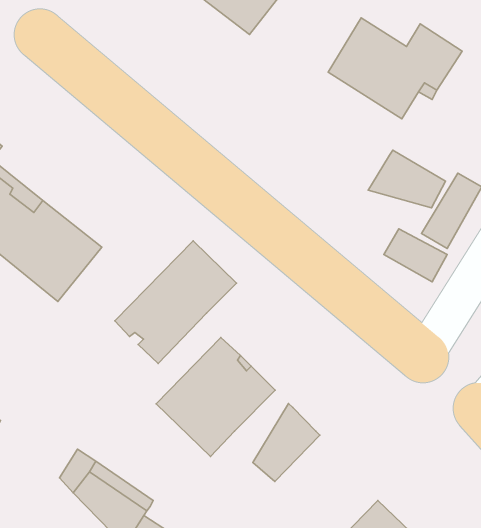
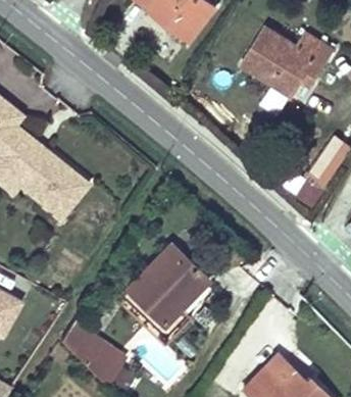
building: [368,150,446,208] -> none
building: [115,241,237,363] -> none
building: [253,403,320,482] -> none

